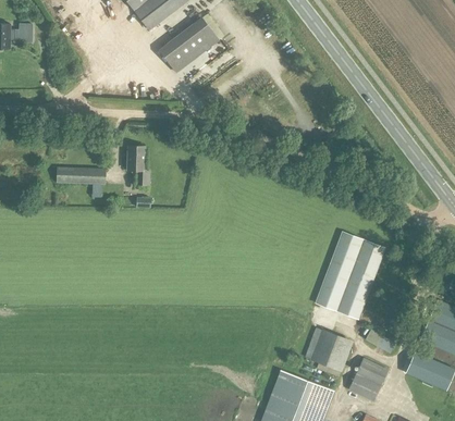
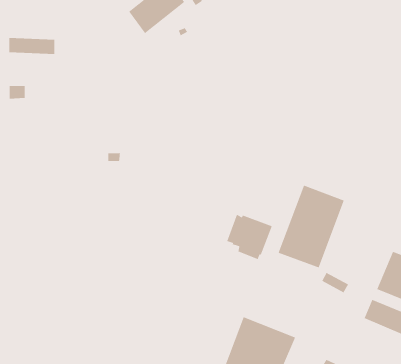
building: [126,146,149,186] -> none
building: [56,166,104,185] -> [8,37,55,55]
building: [304,327,353,376] -> [226,214,273,260]
building: [347,358,388,401] -> none

